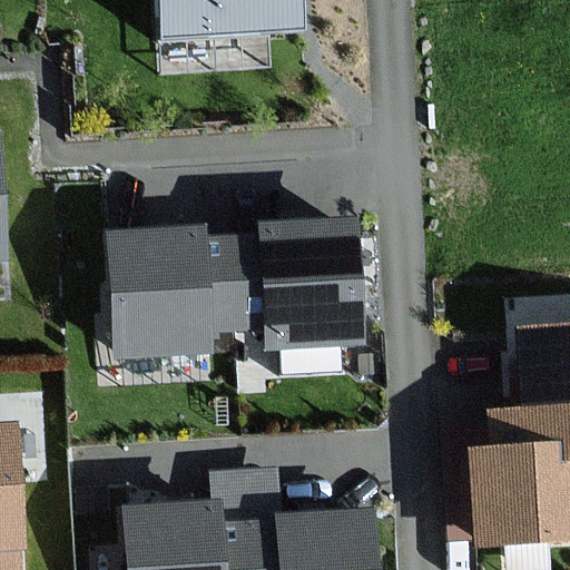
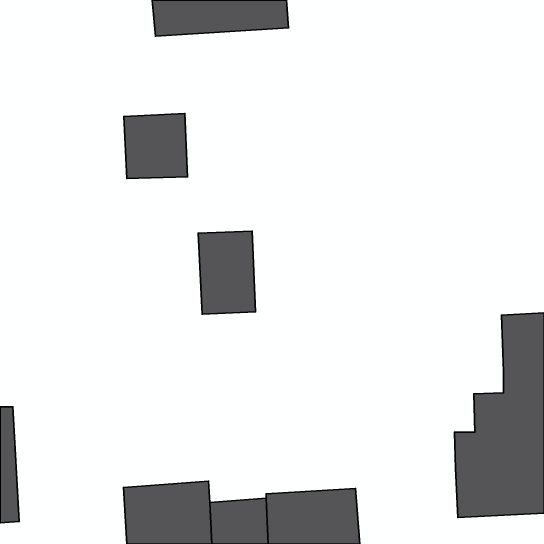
building: none -> [124,114,188,178]
building: [263,223,360,345] -> none
building: [111,228,213,353] -> none

